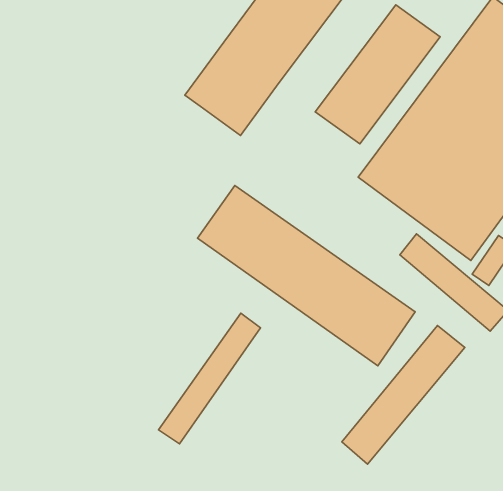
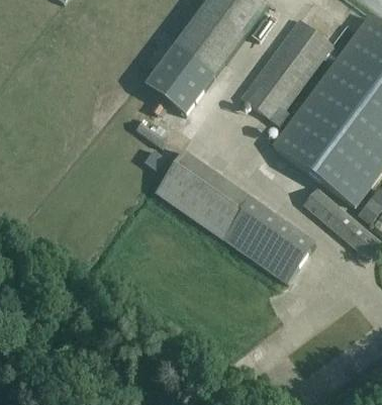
building: [158,313,260,444] -> none
building: [342,325,465,464] -> none

